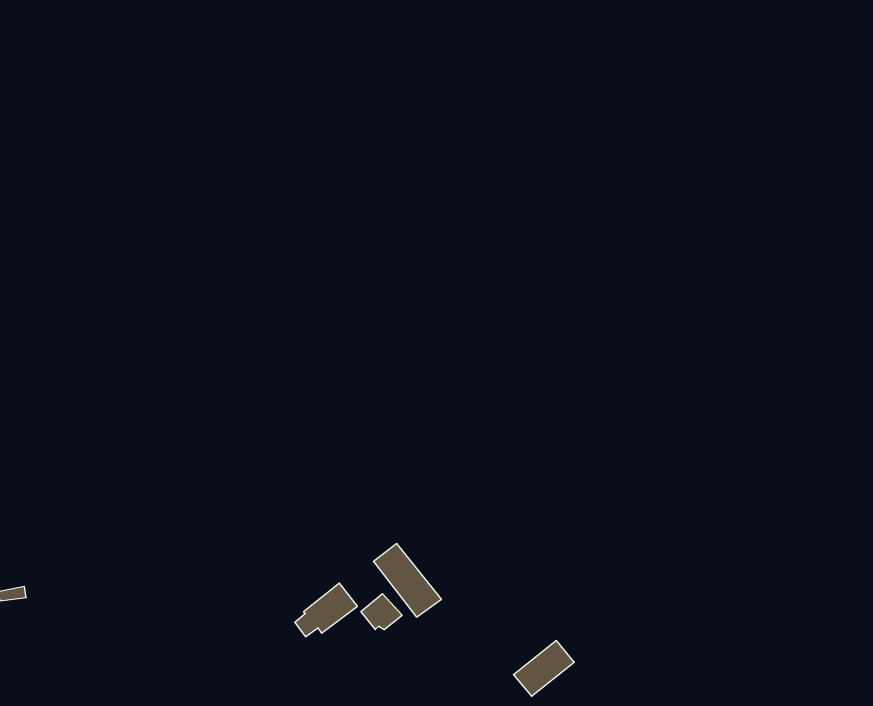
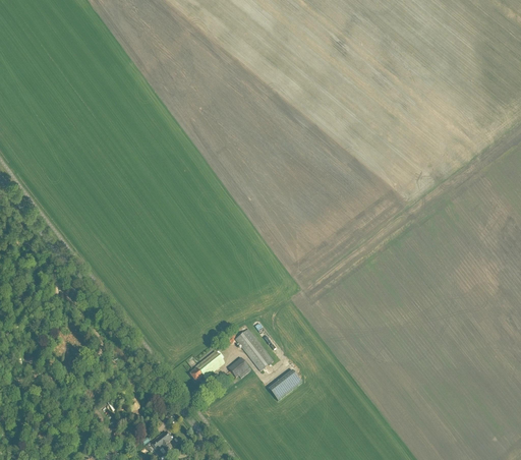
building: [513,641,574,696] -> [268,368,302,400]

